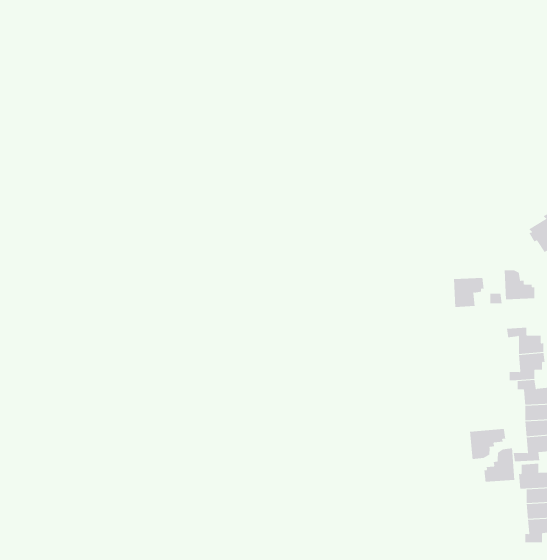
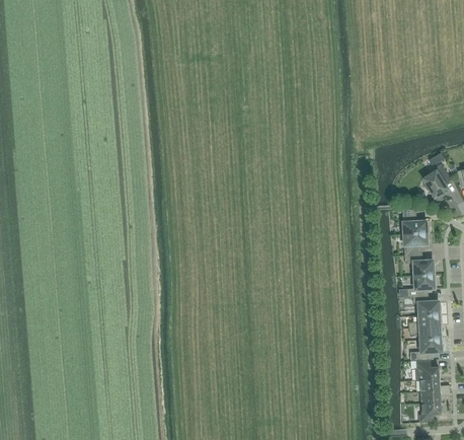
building: [453,277,485,307] -> [404,232,429,255]
building: [469,428,506,460] -> none
building: [484,448,515,483] -> none

